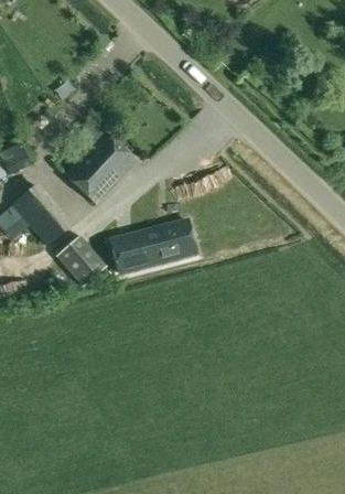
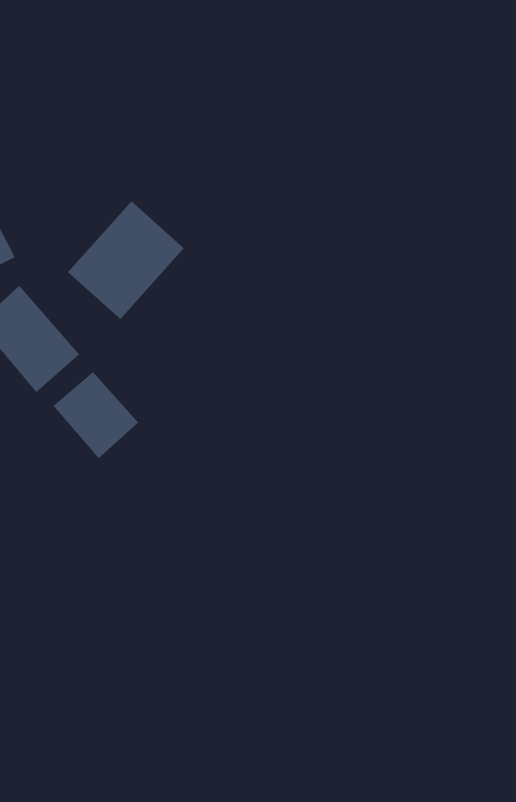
building: [108,218,195,271] -> none

